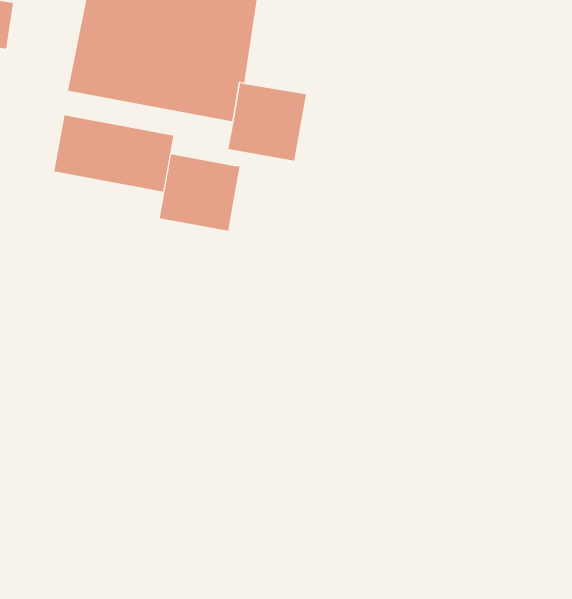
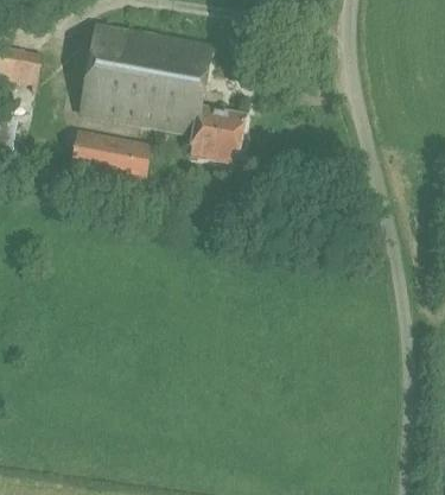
building: [159,153,240,231] -> none

